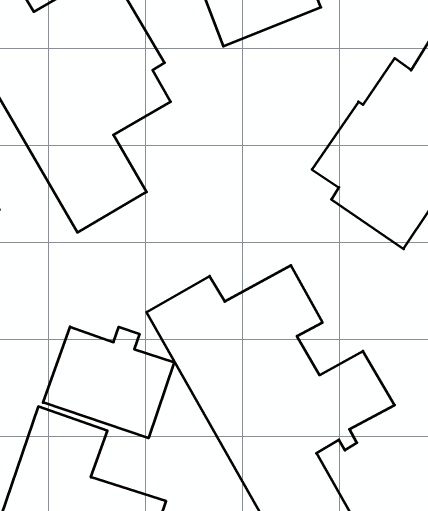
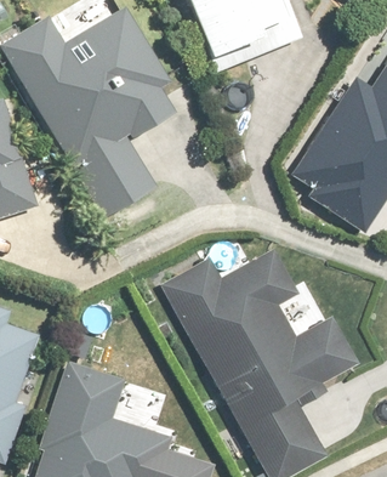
building: [43,327,174,438] -> none

